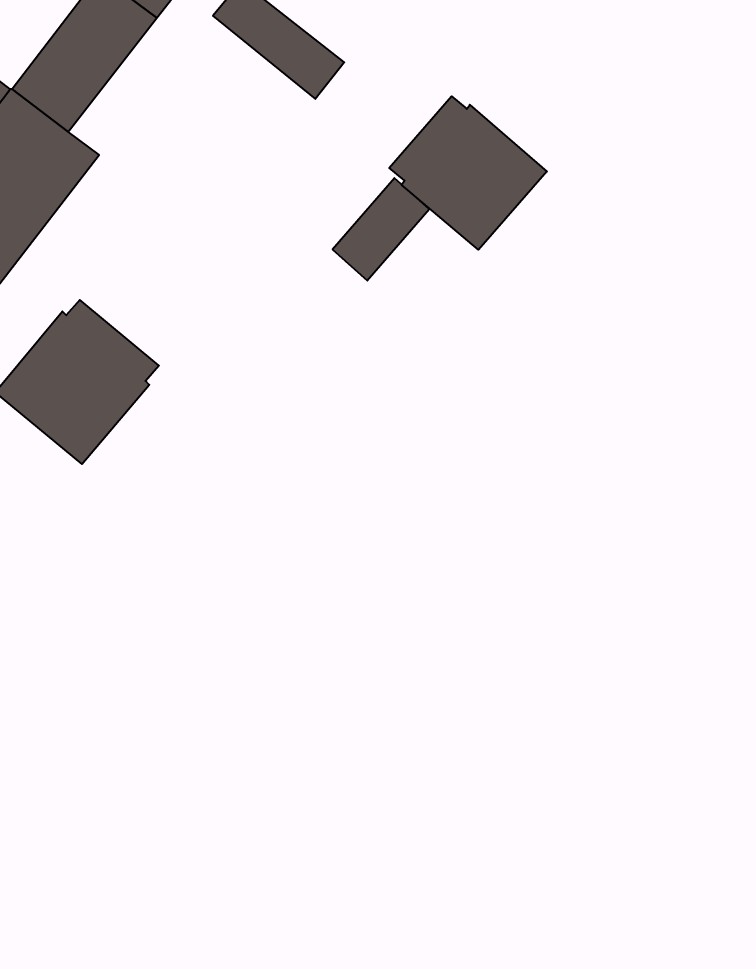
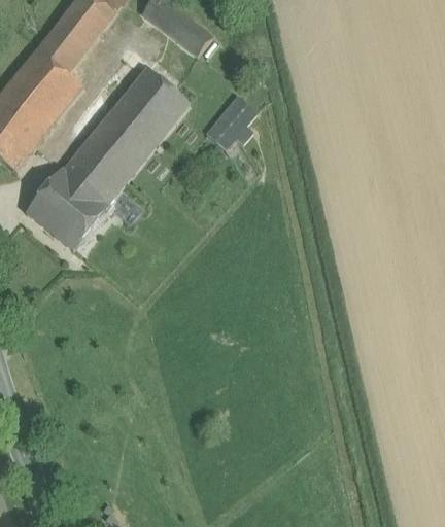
building: [389,96,547,250] -> none
building: none -> [72,68,192,196]

